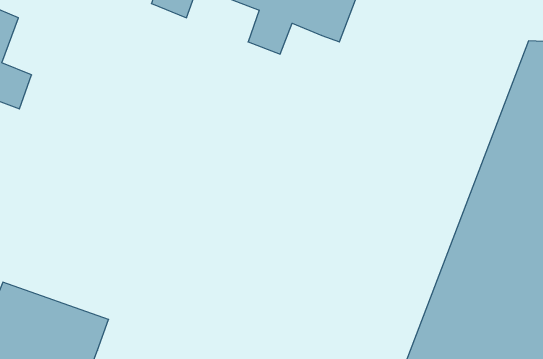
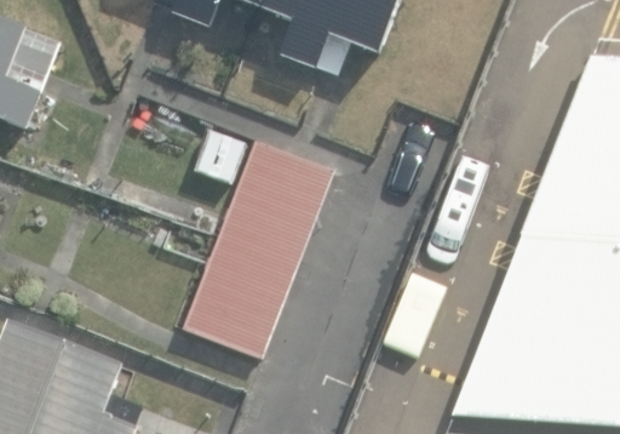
building: none -> [184,142,338,359]

